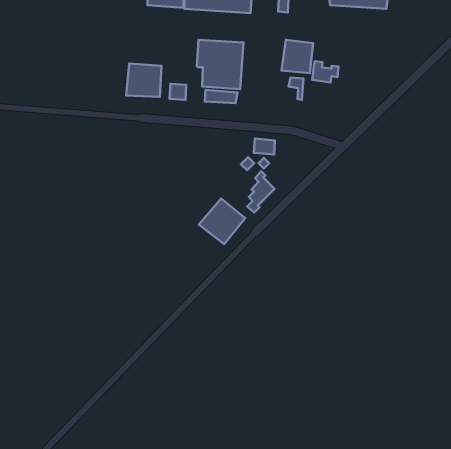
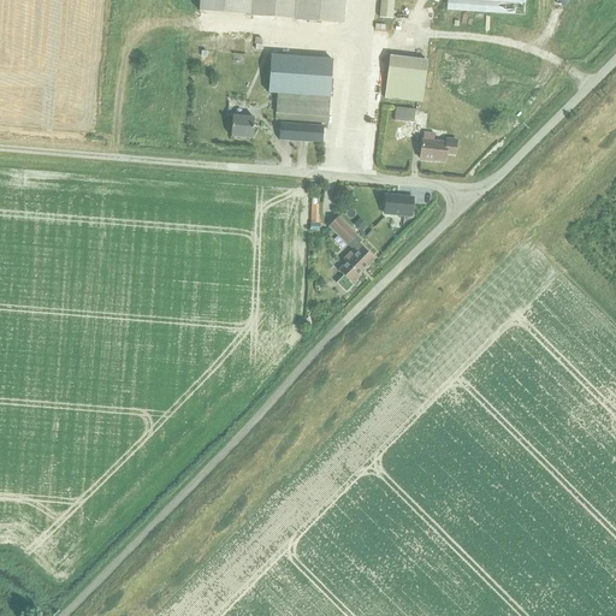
building: [312,61,339,82] -> [420,131,456,160]
building: [126,64,162,97] -> none
building: [254,139,275,154] -> [384,192,413,214]
building: [199,198,245,244] -> none

